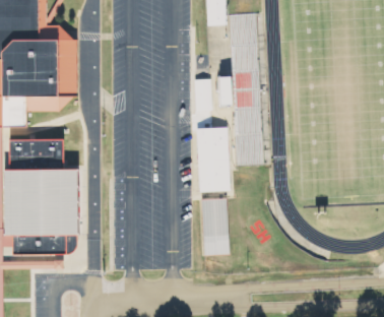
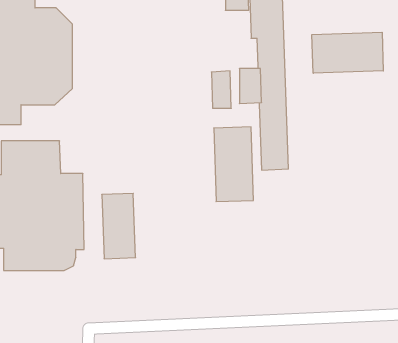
building: none -> [312,32,383,73]
building: [199,198,229,255] -> [102,193,136,259]

